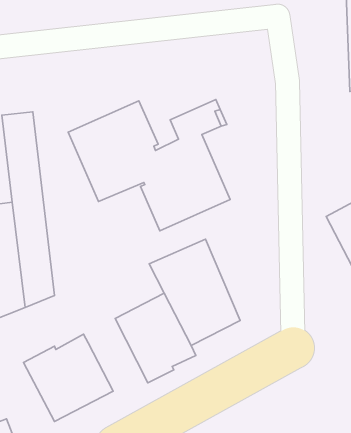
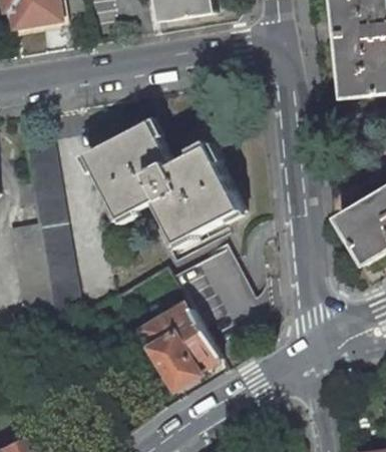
building: [24,334,113,421] -> none

